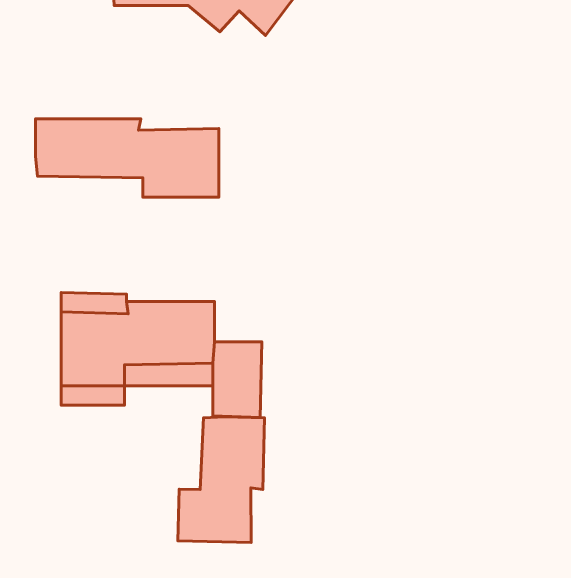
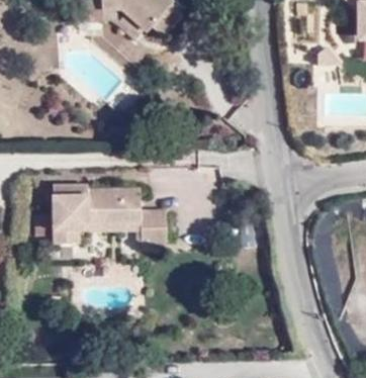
building: [35,119,219,197] -> none
building: [178,417,265,542] -> none

